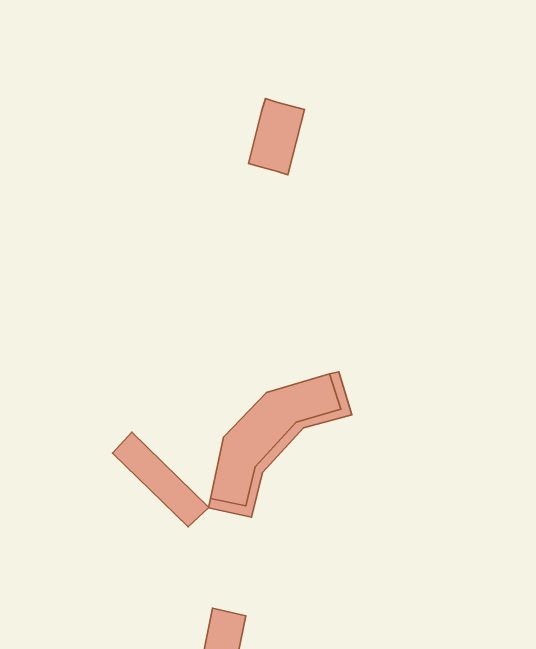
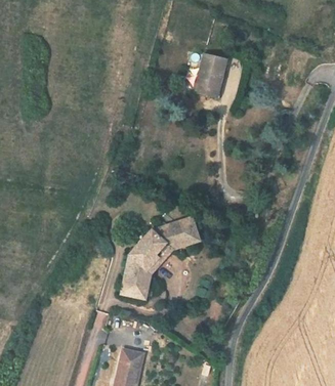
building: [249,98,304,175] -> [196,54,226,96]
building: [112,432,209,527] -> none

